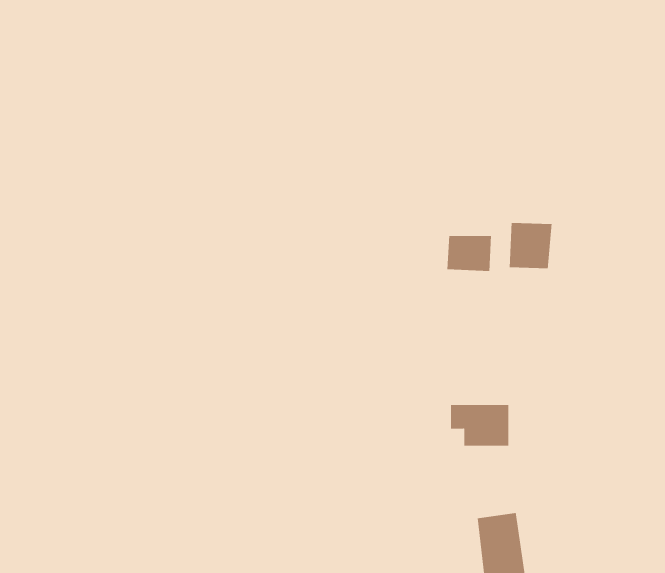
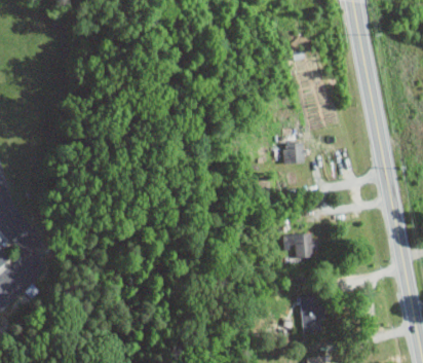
building: [509,222,552,269] -> none

